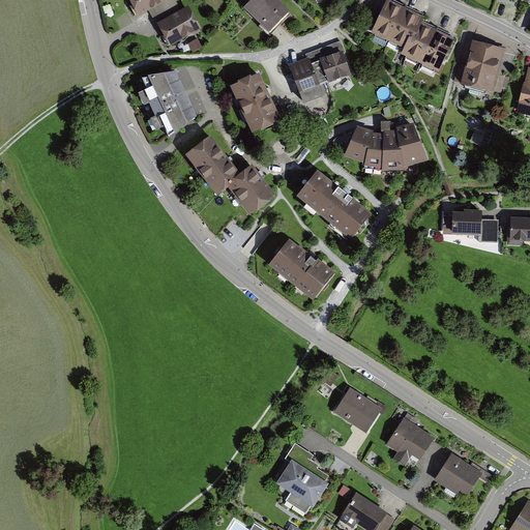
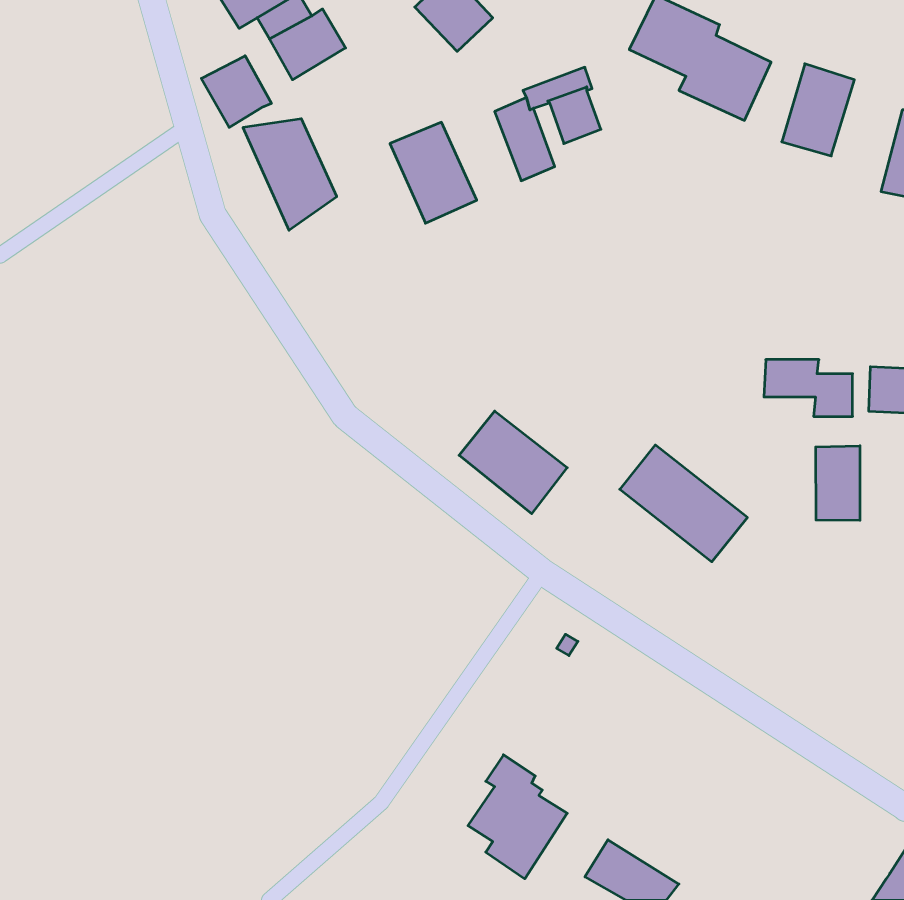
building: none -> [201,56,271,127]
building: [346,125,430,171] -> none
building: [186,139,274,216] -> none
building: [296,171,371,239] -> [620,445,747,562]
building: none -> [816,446,860,520]
building: [333,387,380,431] -> none
building: [388,418,433,460] -> none
building: [436,452,482,494] -> none

